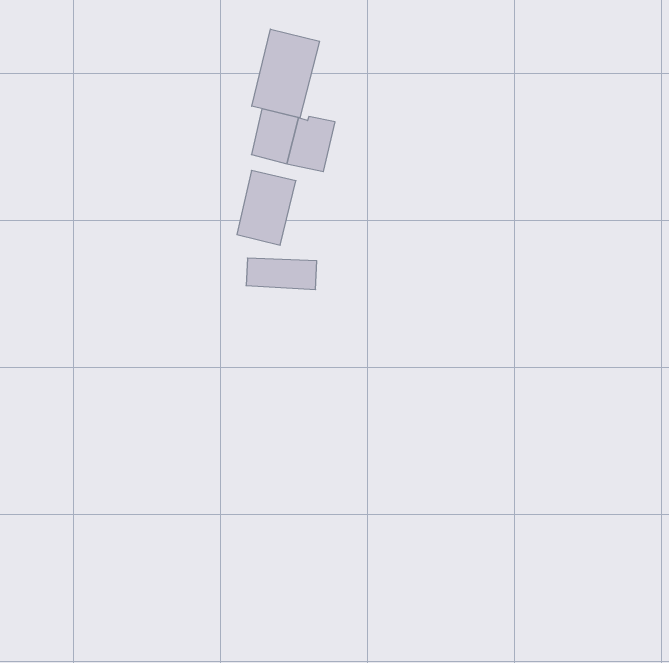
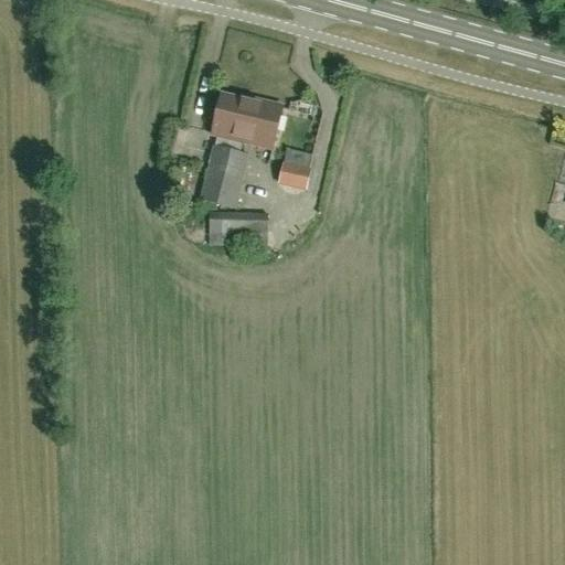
building: [252,29,320,118] -> none
building: none -> [279,159,311,188]

